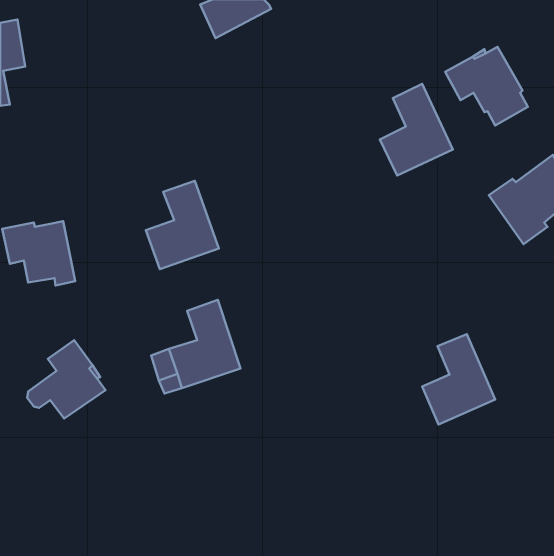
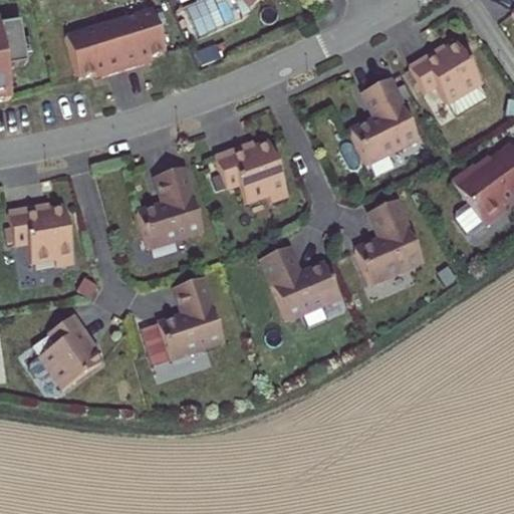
building: none -> [67,6,162,74]
building: none -> [213,140,286,201]
building: none -> [264,244,341,317]
building: [422,334,495,425] -> [355,200,423,283]

